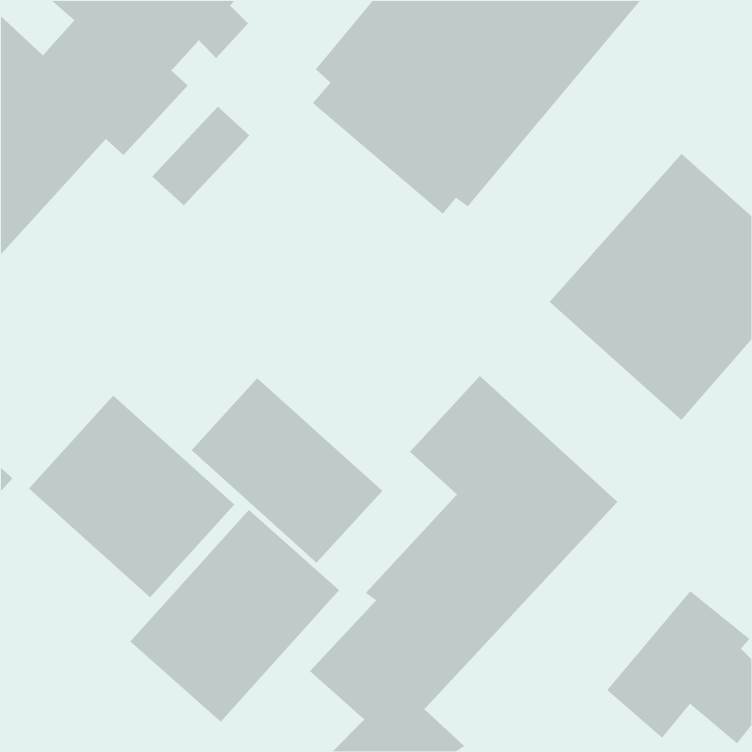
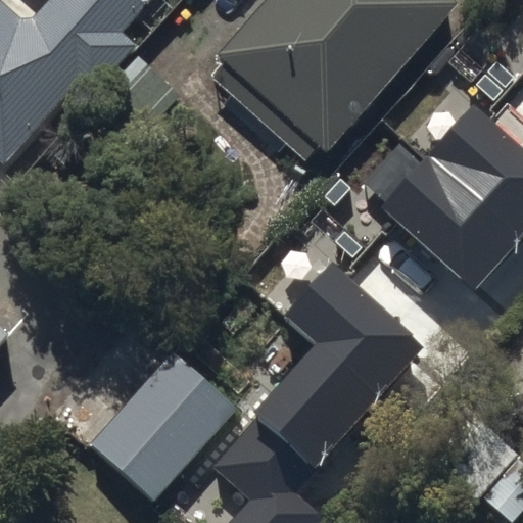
building: [191,378,383,563] -> none
building: [28,395,235,598] -> none

